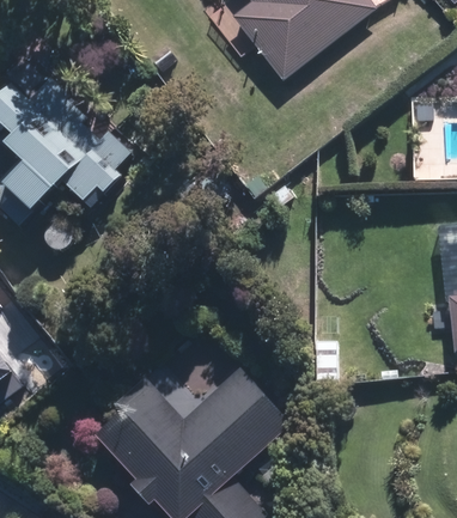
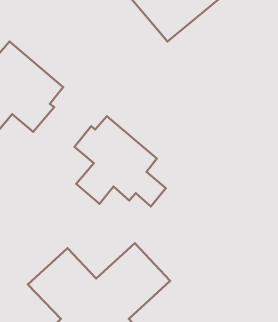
building: none -> [74,116,166,206]

